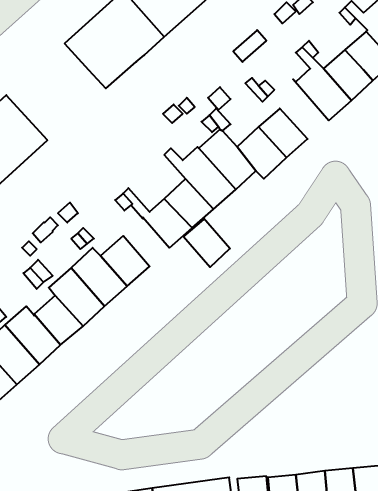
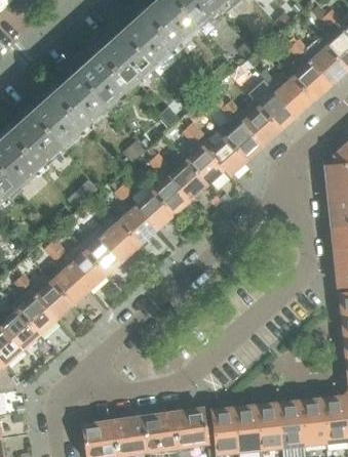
building: none -> [31,72,108,147]
building: none -> [236,99,280,146]
building: [183,218,230,267] -> [121,206,157,244]

